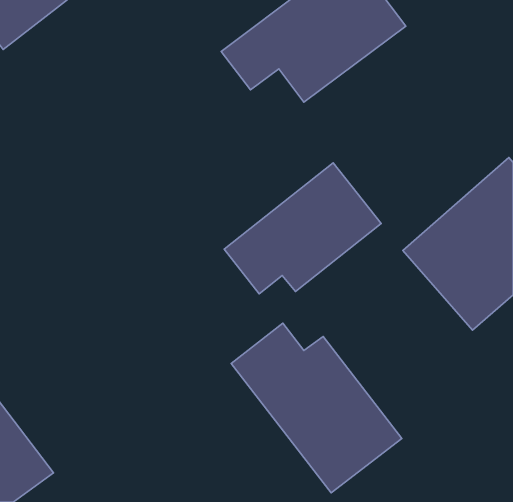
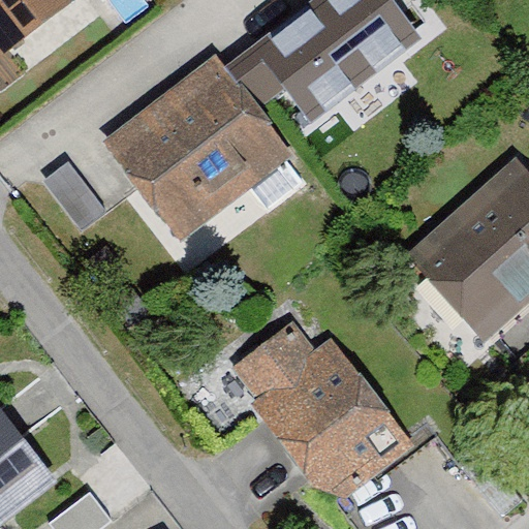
building: none -> [104,58,293,242]
building: [224,163,381,294] -> none

